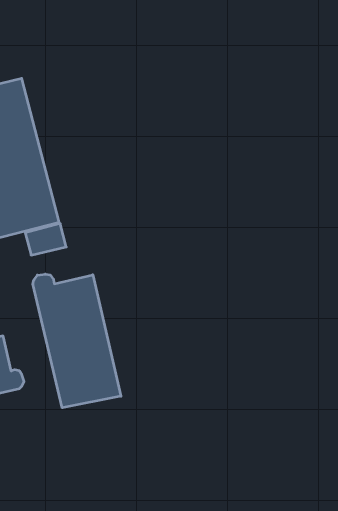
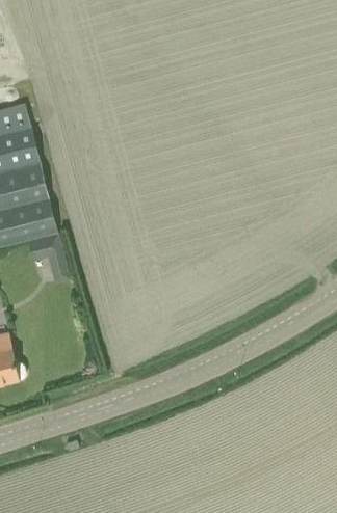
building: [33,274,121,408] -> none

